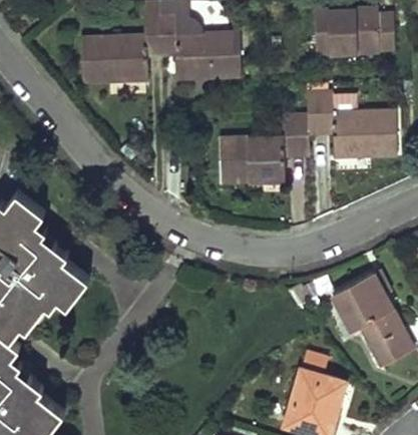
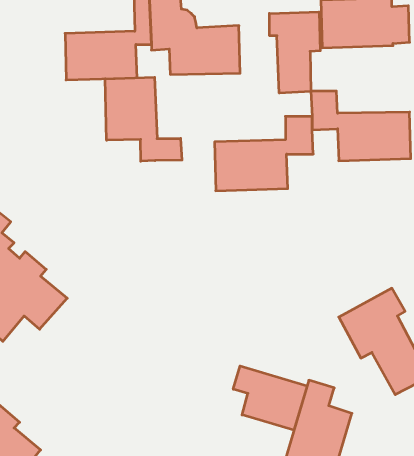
building: none -> [269,12,320,93]
building: none -> [105,77,182,161]
building: none -> [233,366,307,430]

